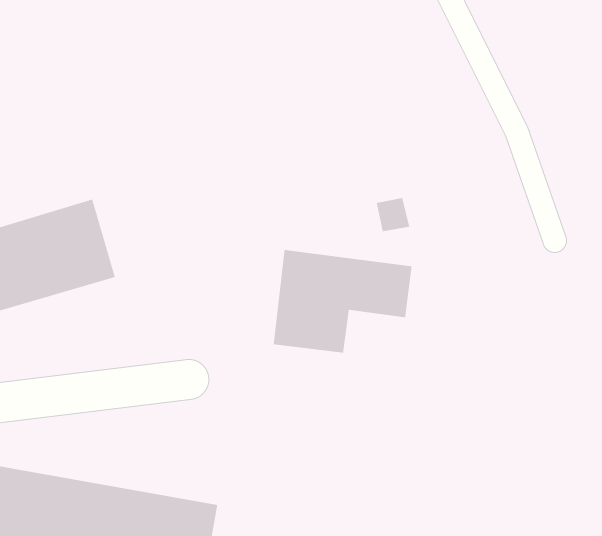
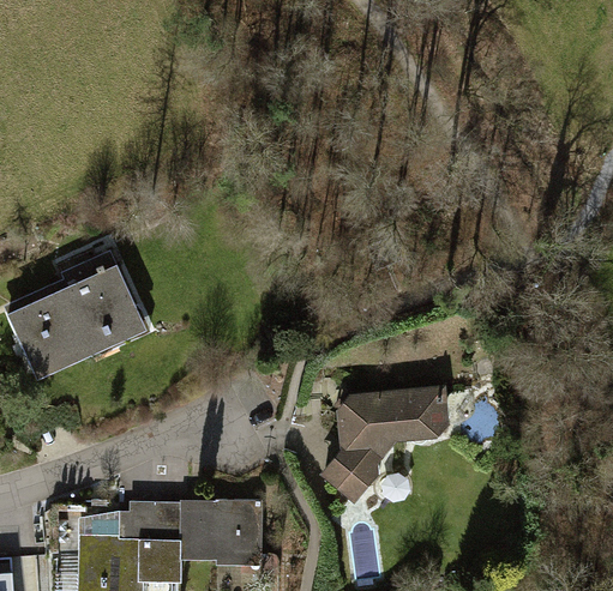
building: [273,249,413,353] -> [338,390,455,478]

